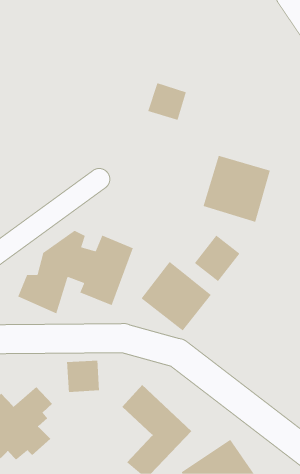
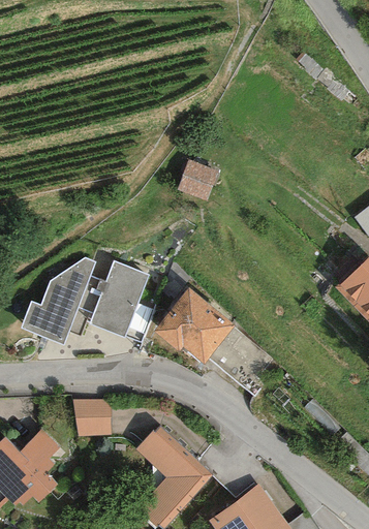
building: [147,82,187,121] -> [176,158,219,200]
building: [203,155,271,223] -> none
building: [194,235,241,282] -> none

